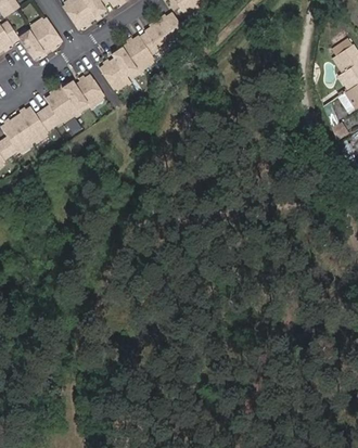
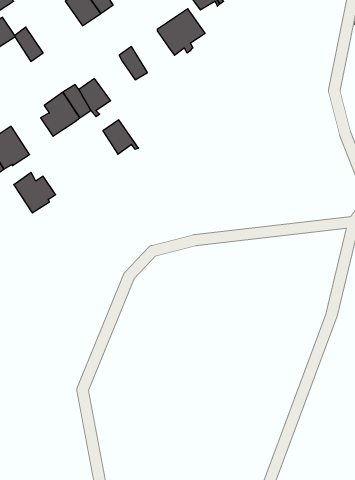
building: [30,17,62,51] -> none
building: [124,31,158,68] -> none
building: [101,57,132,88] -> [103,120,139,154]
building: [17,105,54,141] -> [14,173,56,213]

